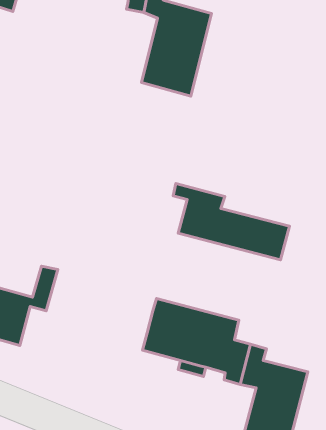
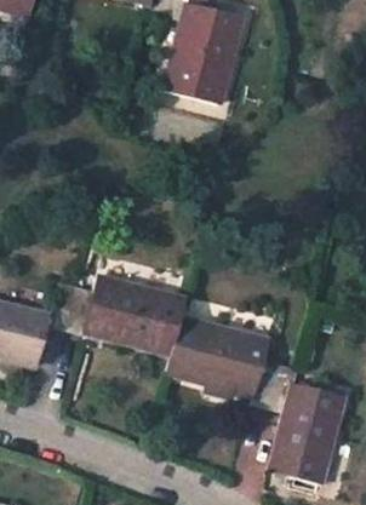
building: [173,184,289,260] -> none
building: none -> [67,277,187,354]

